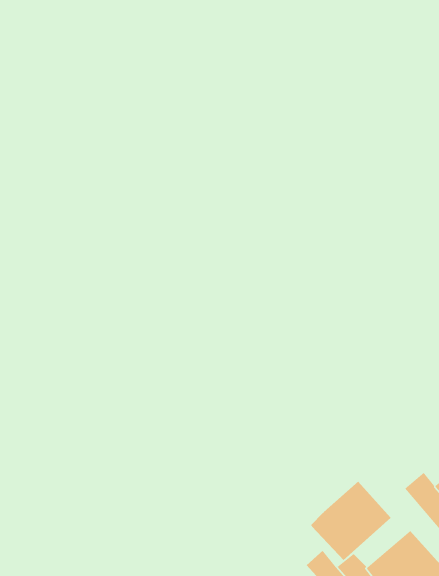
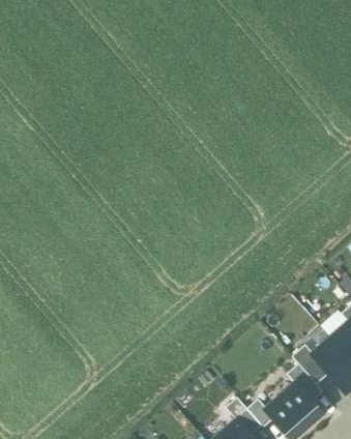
building: [310,481,391,561] -> none

